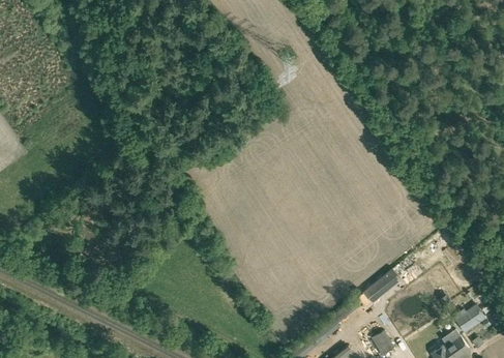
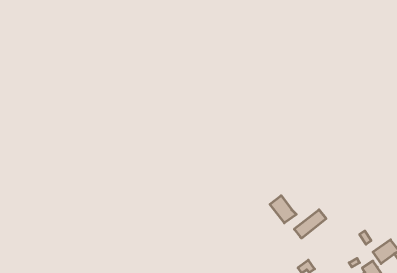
building: none -> [270,196,296,223]

